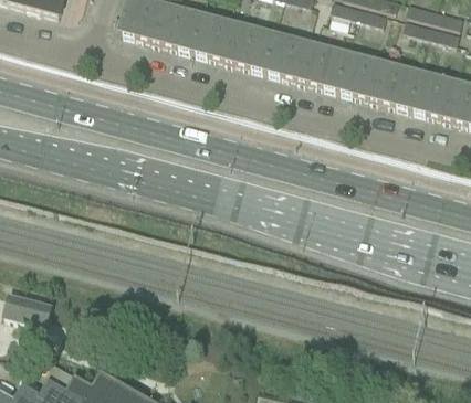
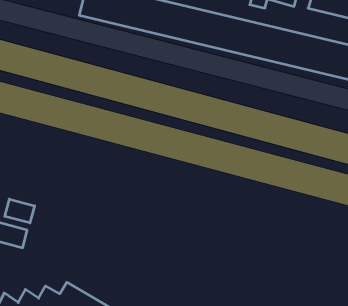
building: none -> [5,199,35,223]

